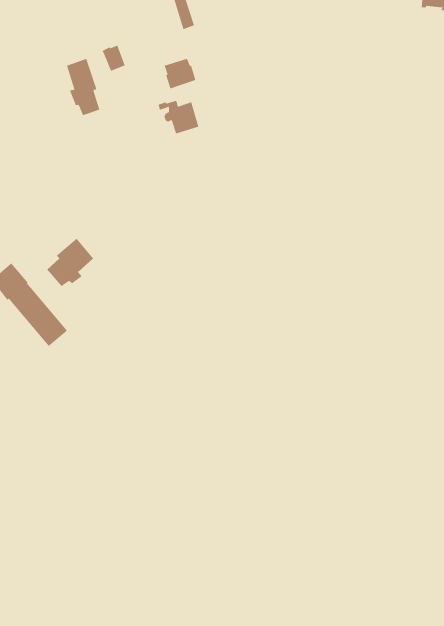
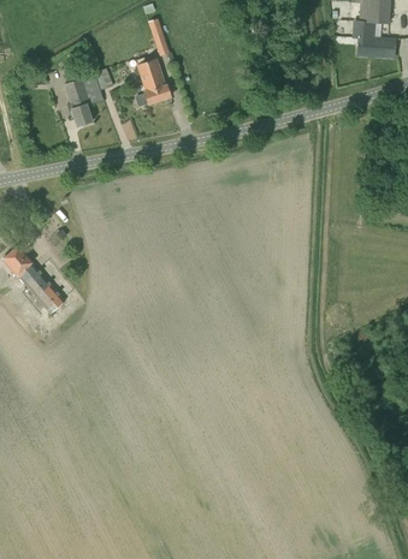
building: [158,100,199,134] -> [129,58,162,85]
building: [47,238,94,287] -> none

